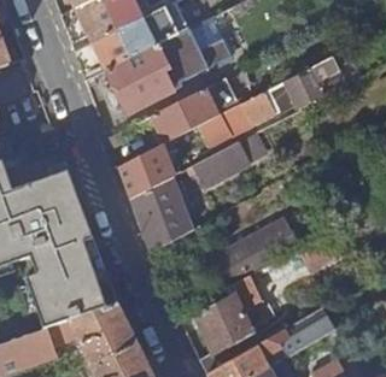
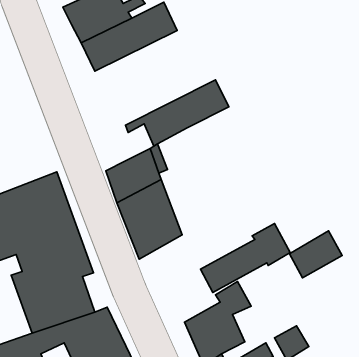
building: [106,19,232,114] -> none
building: [197,51,345,148] -> none
building: [186,142,251,189] -> none

